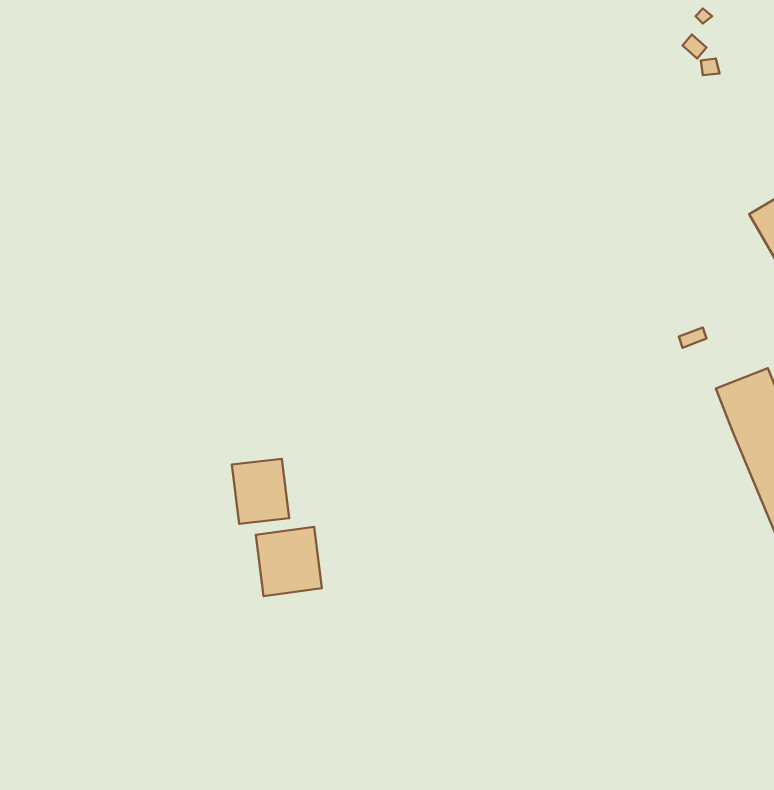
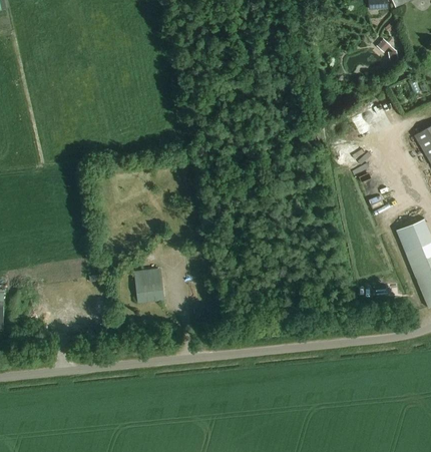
building: [256,527,322,596] -> none

